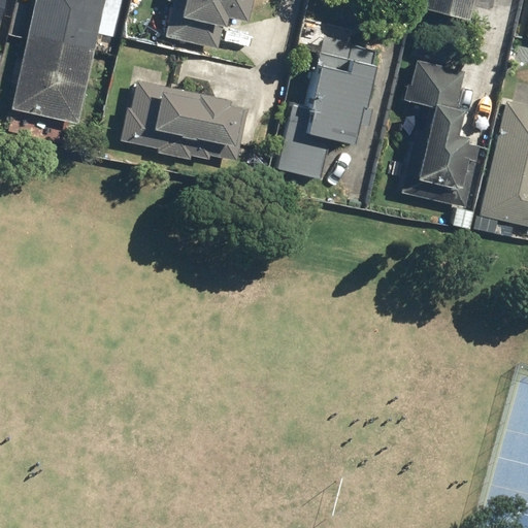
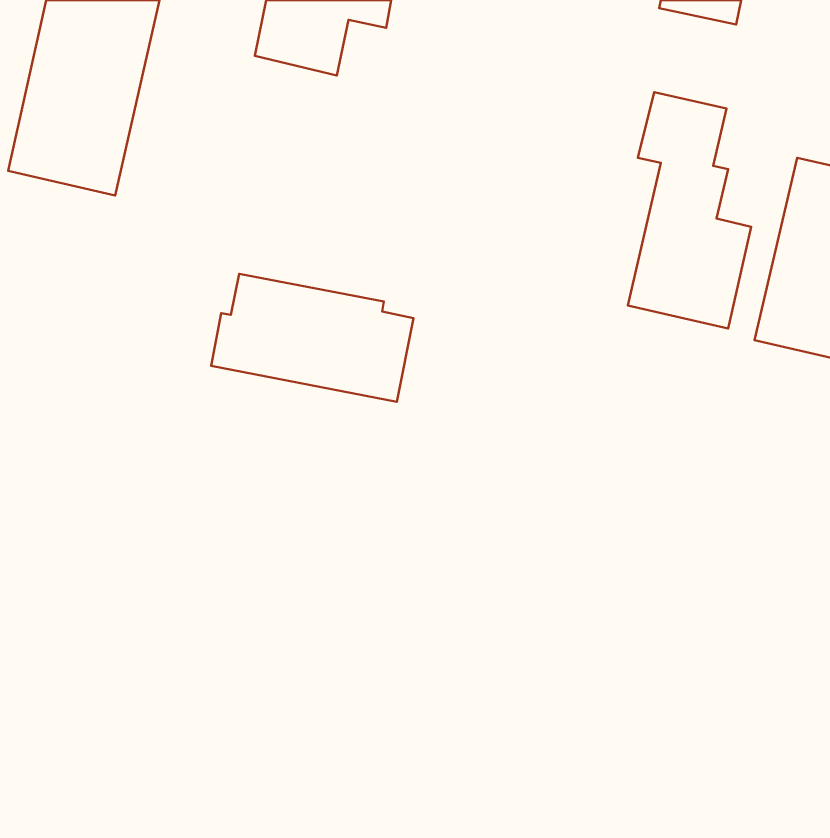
building: [273,44,376,178] -> none
building: [121,80,248,161] -> [211,274,413,402]

